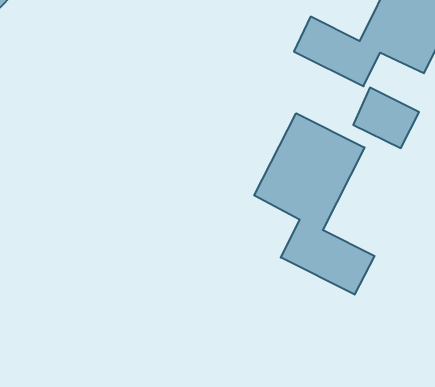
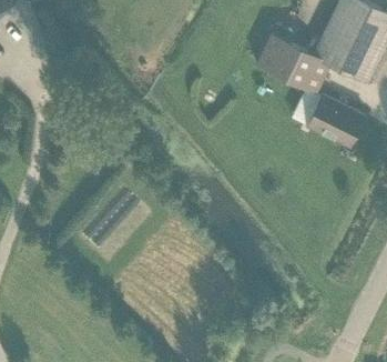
building: [254,113,375,295] -> none

